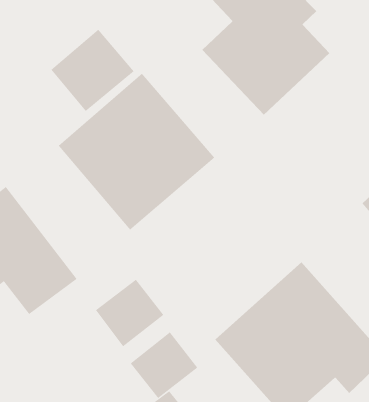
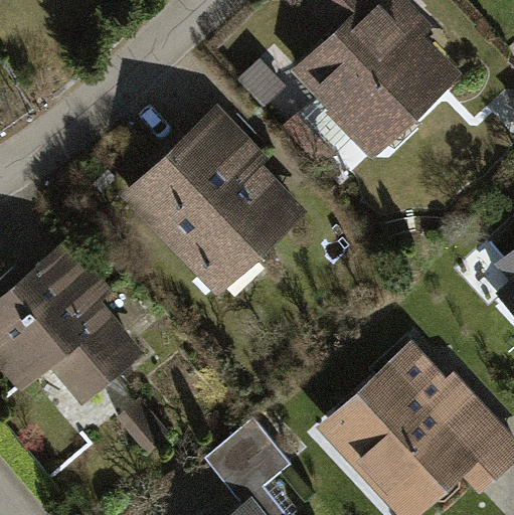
building: [51,29,135,112] -> none
building: [95,279,164,347] -> none

